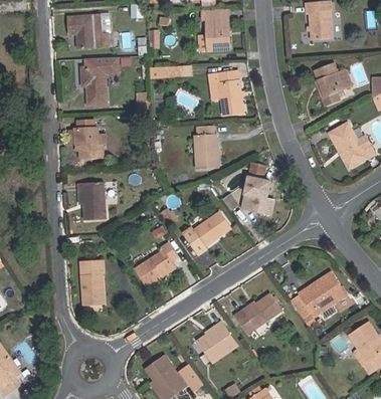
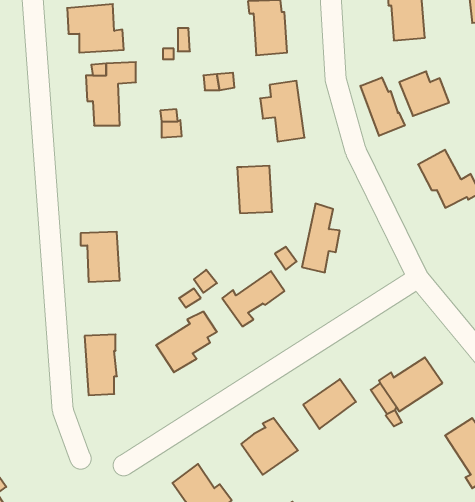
building: none -> [360,77,405,136]
building: [73,121,102,159] -> none

